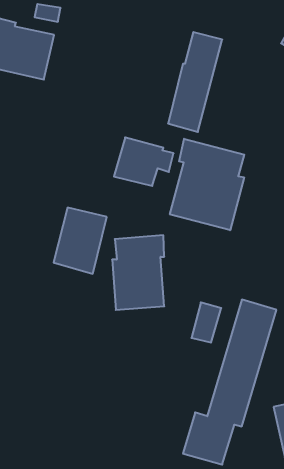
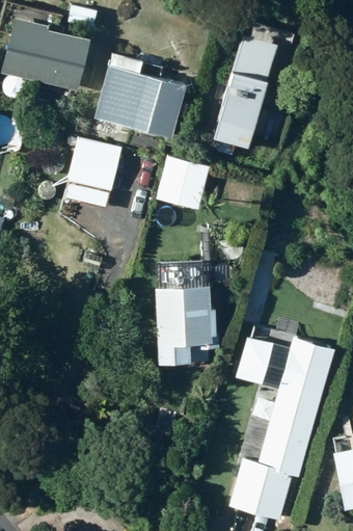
building: none -> [94,54,184,138]
building: [170,139,244,230] -> none
building: [54,208,107,274] -> [62,136,121,210]

